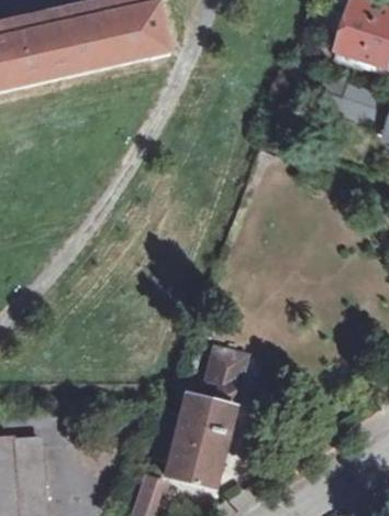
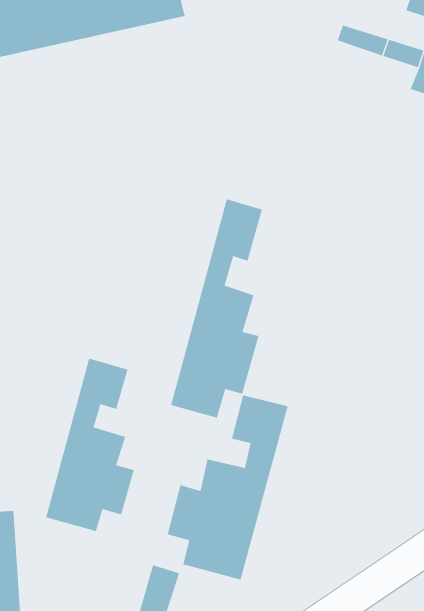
building: none -> [171,198,263,418]
building: none -> [45,358,134,532]

